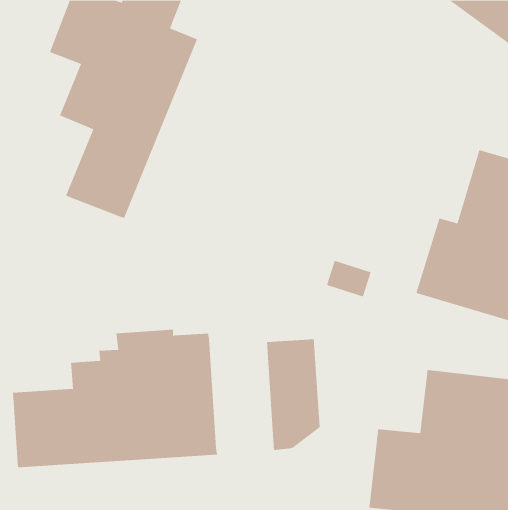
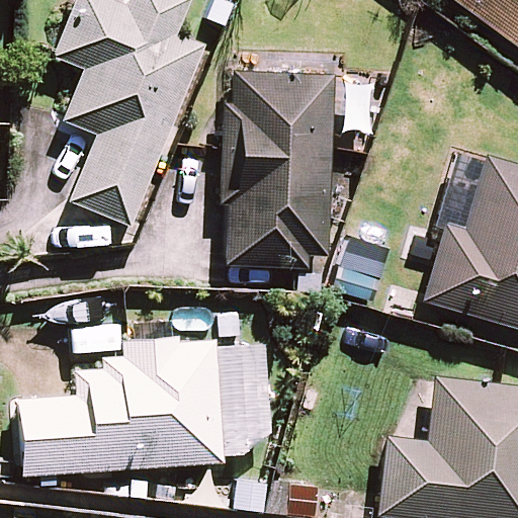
building: none -> [220,71,335,267]
building: [266,339,321,450] -> [217,342,271,454]

